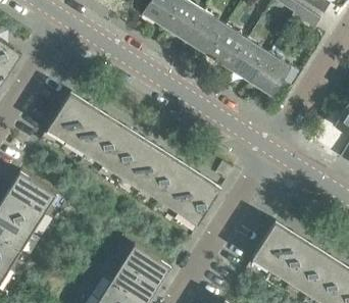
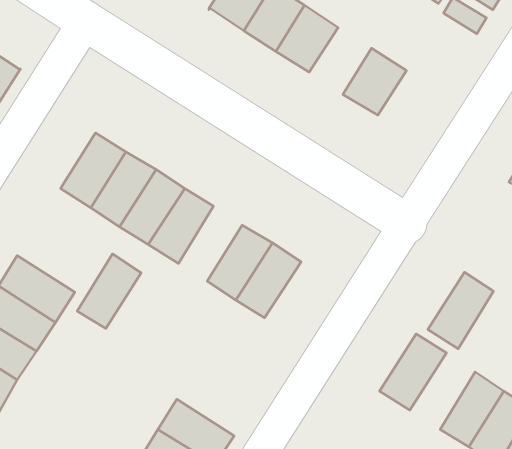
building: [206,26,246,68] -> none
building: [250,53,290,97] -> none
building: [122,140,163,188] -> [77,254,141,329]
building: [178,175,220,224] -> none
building: [270,234,312,283] -> [428,272,493,349]
building: [121,244,170,287] -> none

